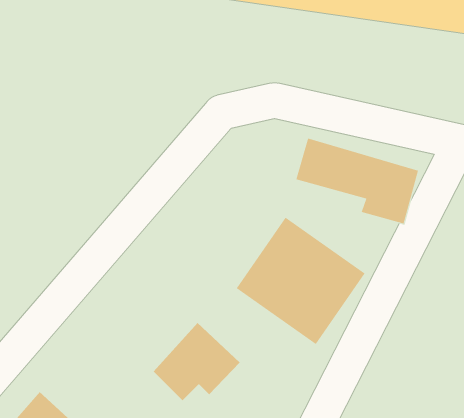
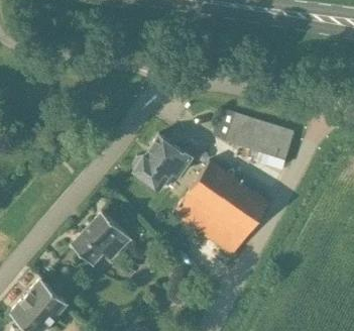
building: none -> [133,137,192,190]
building: [153,322,241,401] -> [72,212,131,265]

